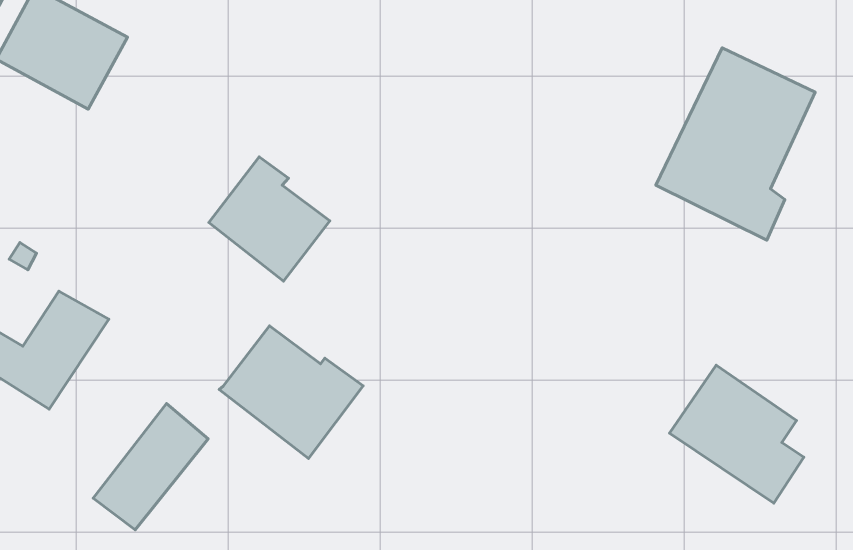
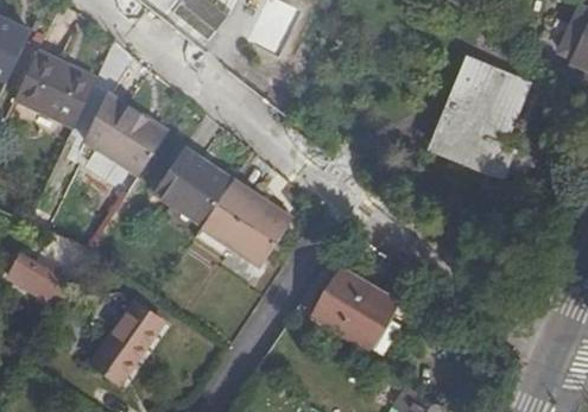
building: none -> [86,93,169,175]
building: [219,326,363,459] -> [202,184,291,265]
building: [669,365,804,503] -> [314,271,398,354]

